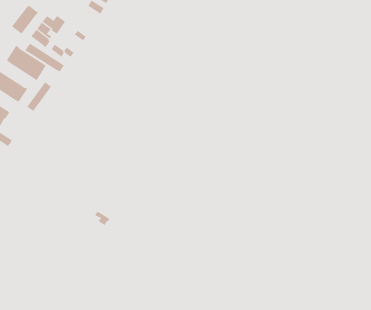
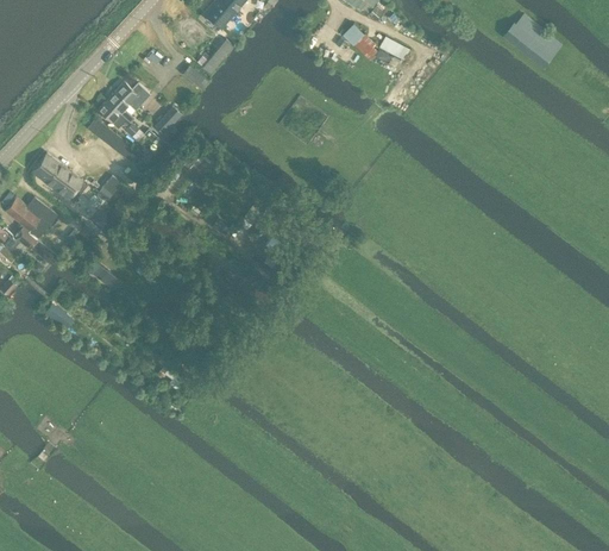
building: [11,5,39,34] -> none
building: [6,45,46,81] -> none

